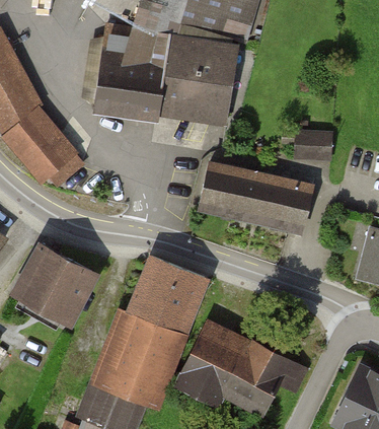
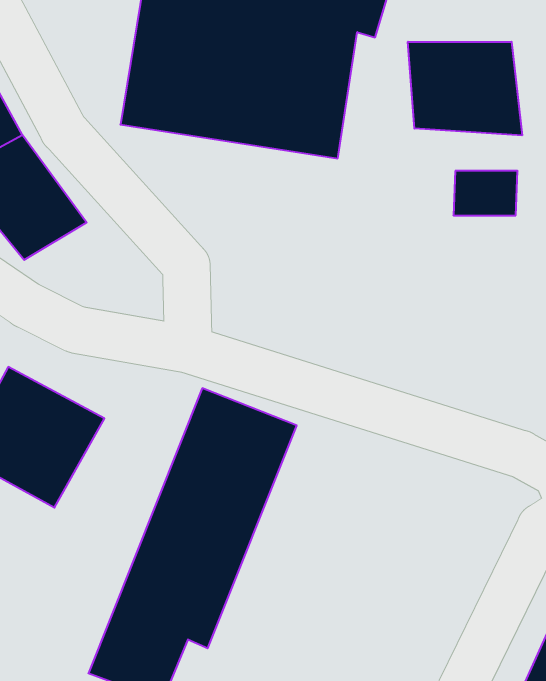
building: none -> [408,42,522,135]
building: [198,164,310,230] -> none
building: [169,321,301,412] -> none

